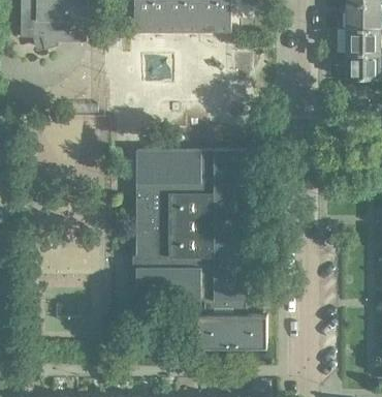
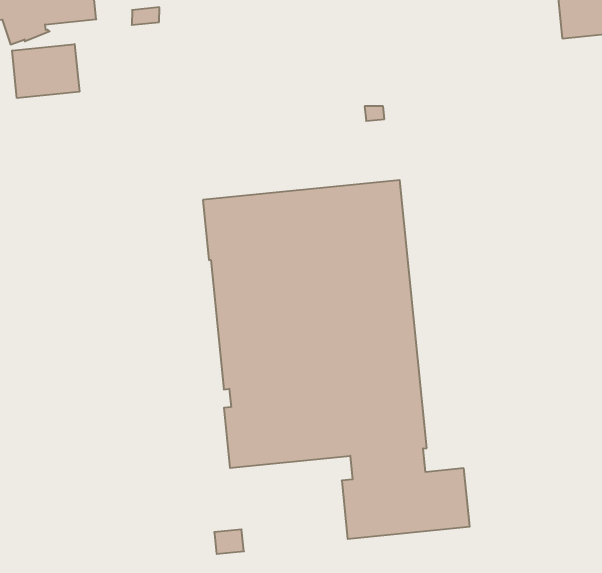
building: none -> [12,44,79,98]

